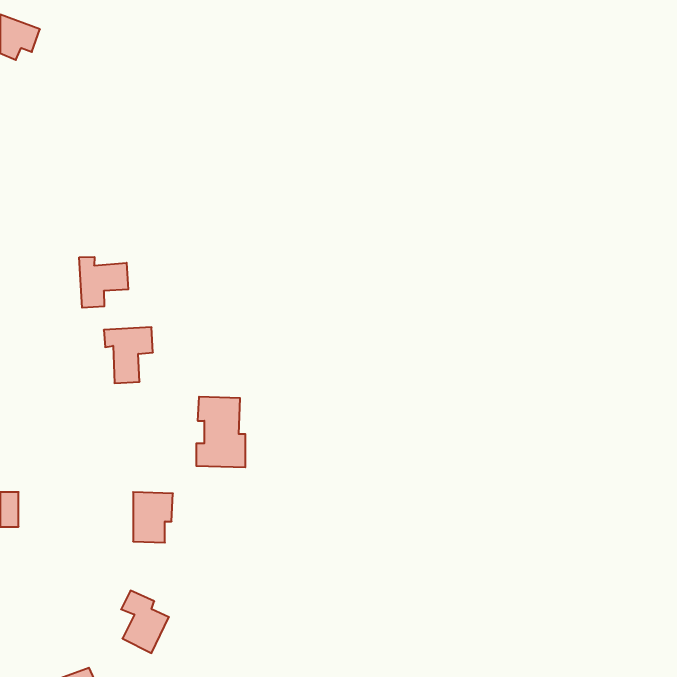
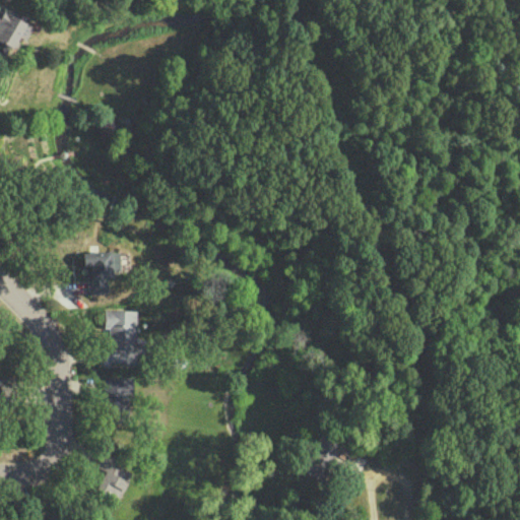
building: [79,257,128,308] -> none
building: [196,397,245,467] -> [104,311,141,365]

